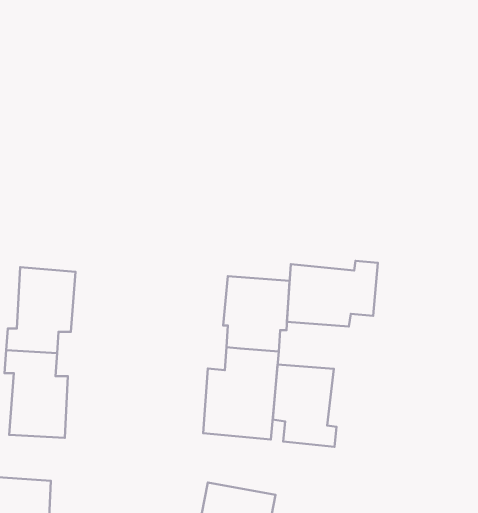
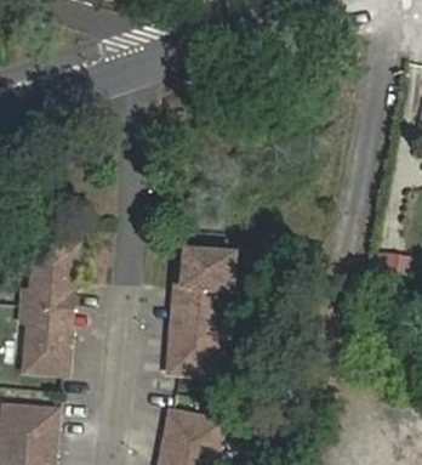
building: [287,261,378,327] -> none
building: [273,364,336,447] -> none

